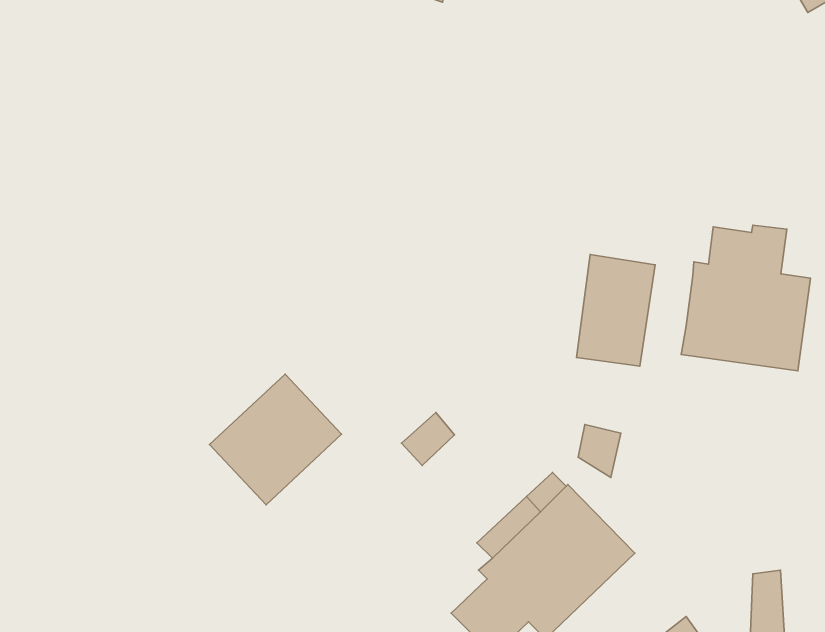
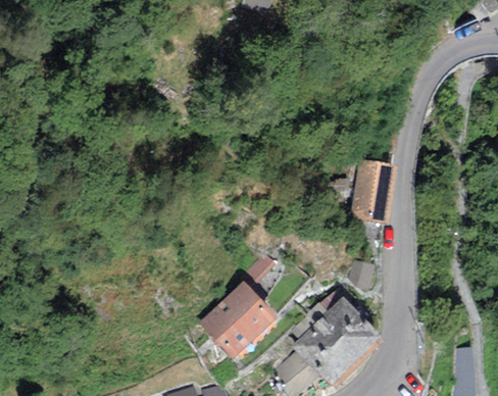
building: [681,225,810,371] -> none
building: [210,374,342,505] -> [198,281,277,358]

